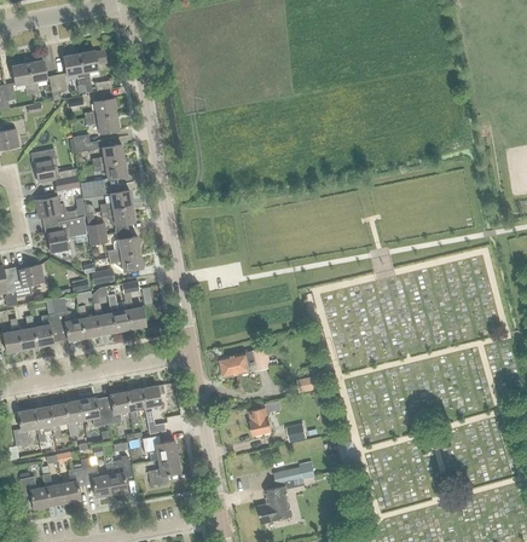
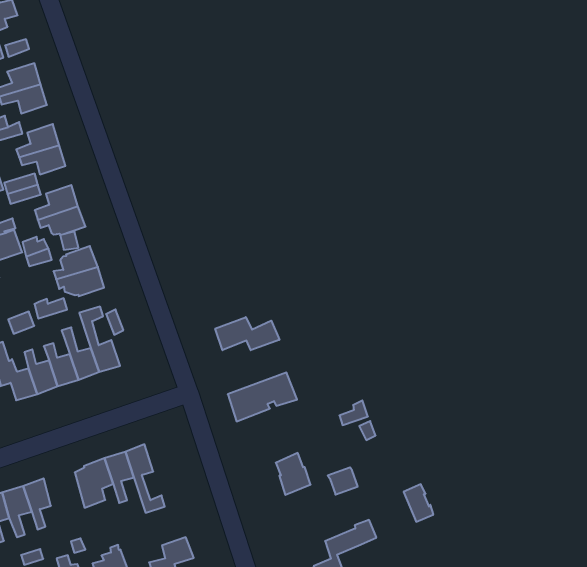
building: none -> [215,317,279,350]
building: [80,397,106,427] -> none
building: [141,436,176,461] -> none

